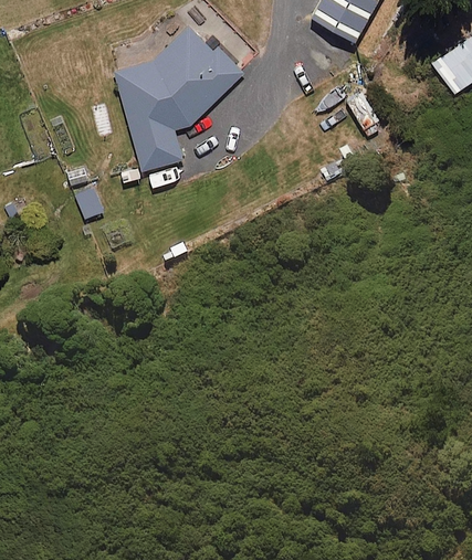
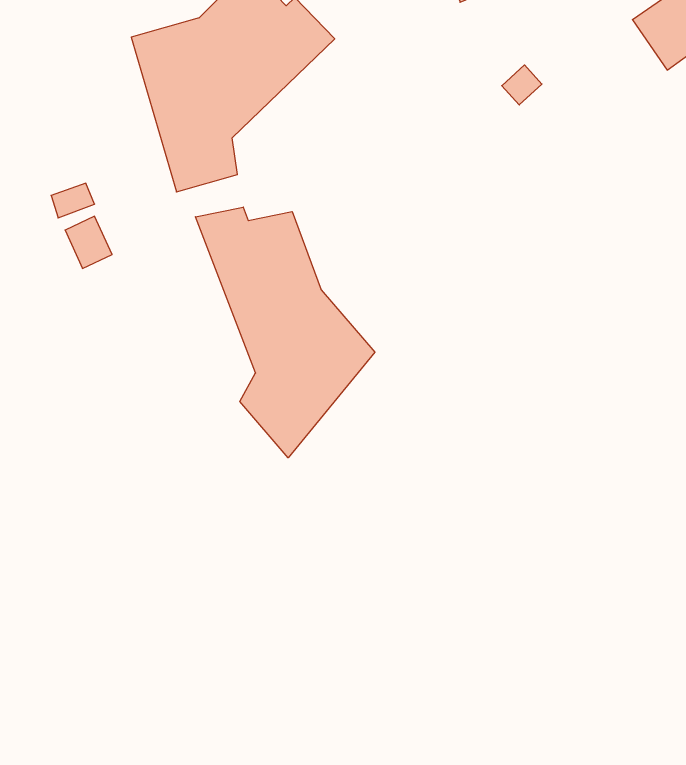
building: none -> [195,207,375,458]

